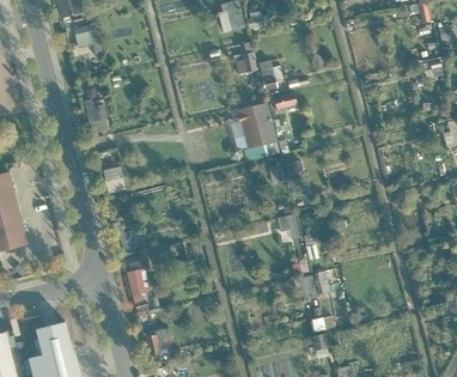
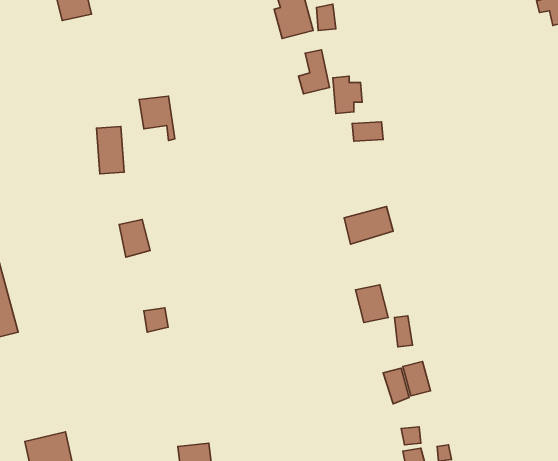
building: [73,23,99,55] -> [139,96,175,140]
building: [238,104,275,148] -> none
building: [124,259,151,296] -> none

